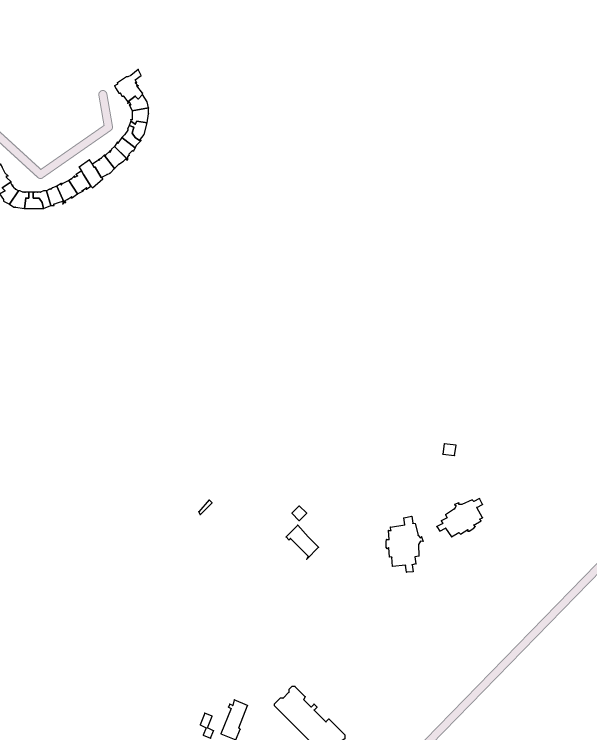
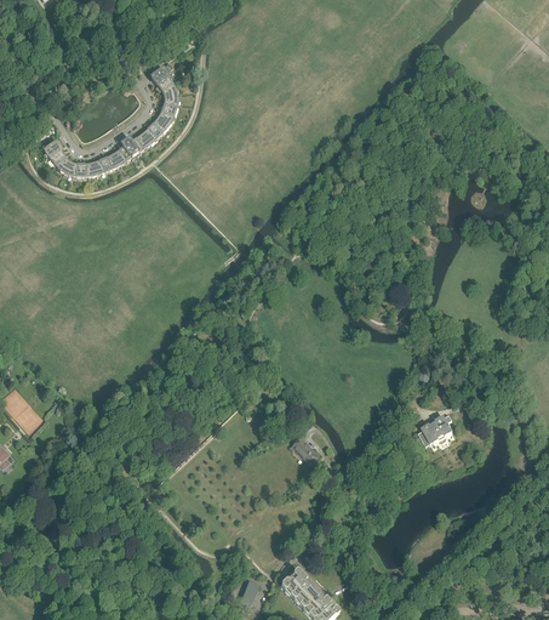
building: [386,516,423,572] -> none

